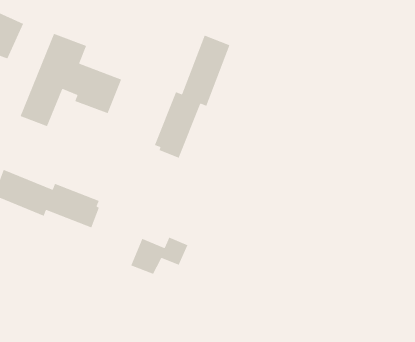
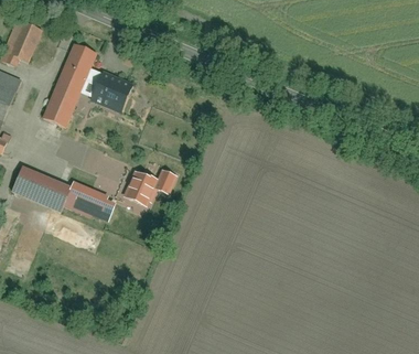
building: [154,34,230,159] -> none
building: [130,237,188,275] -> [125,170,180,206]

